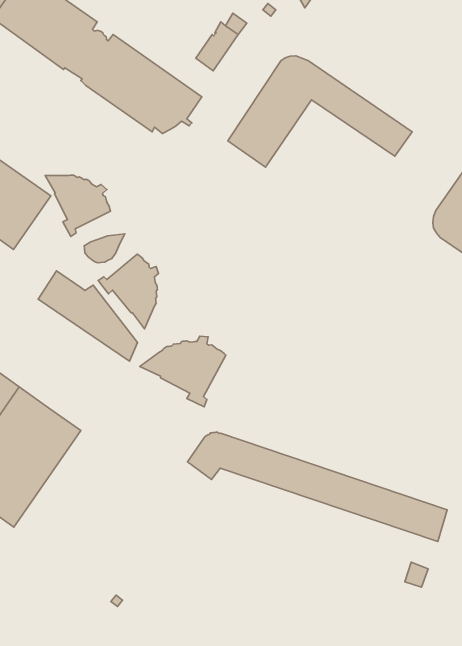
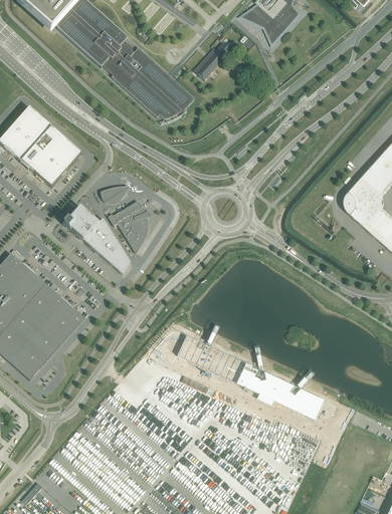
building: [228,56,412,167] -> none
building: [45,175,110,236] -> none
building: [140,336,226,407] -> none

